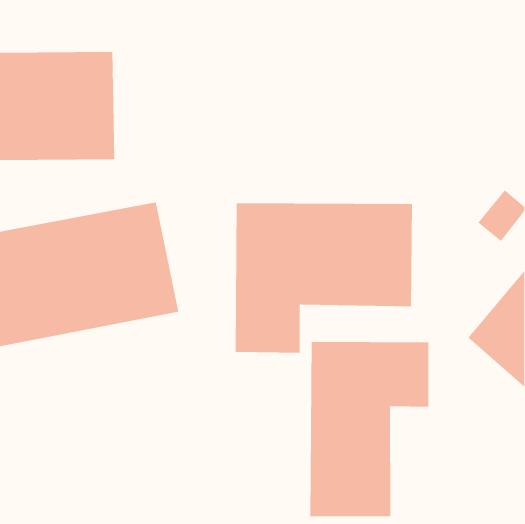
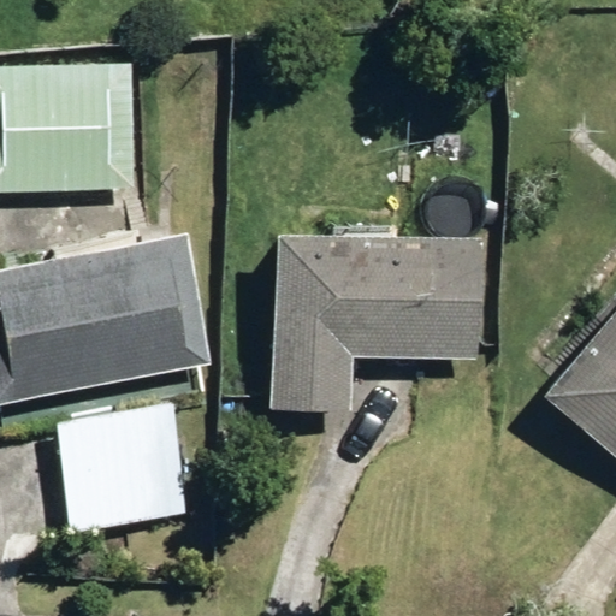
building: [310,341,429,517] -> none
building: none -> [59,404,188,529]

